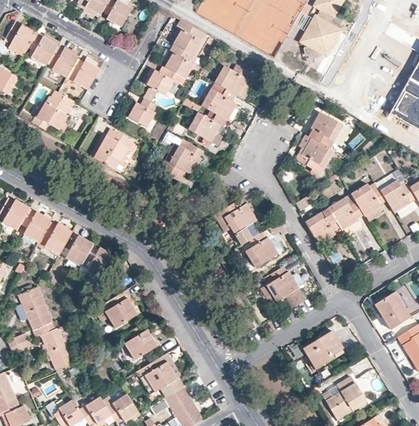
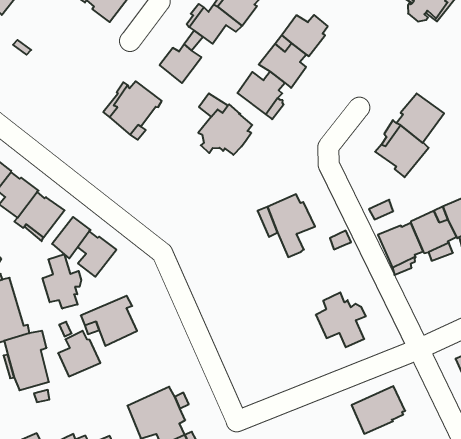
building: [33,90,74,130] -> none
building: [246,232,278,267] -> none
building: none -> [43,254,81,309]
building: [125,324,157,359] -> [58,331,100,376]

